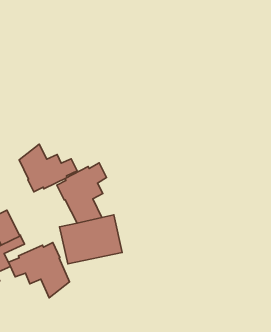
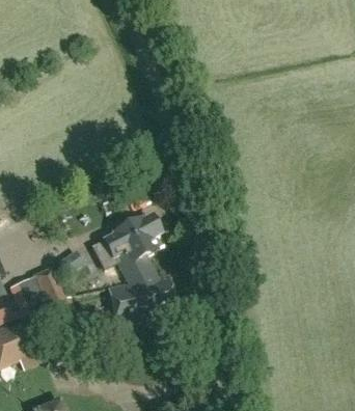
building: [19,144,77,192] -> none
building: [9,243,69,298] -> none

